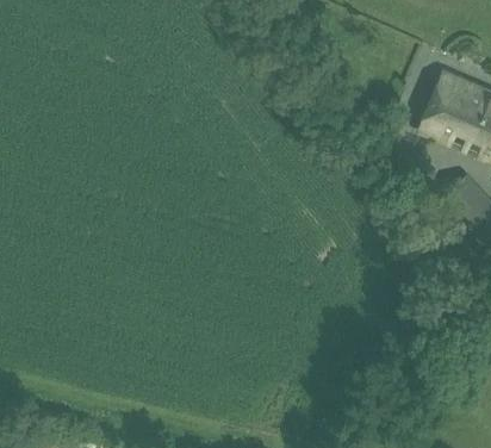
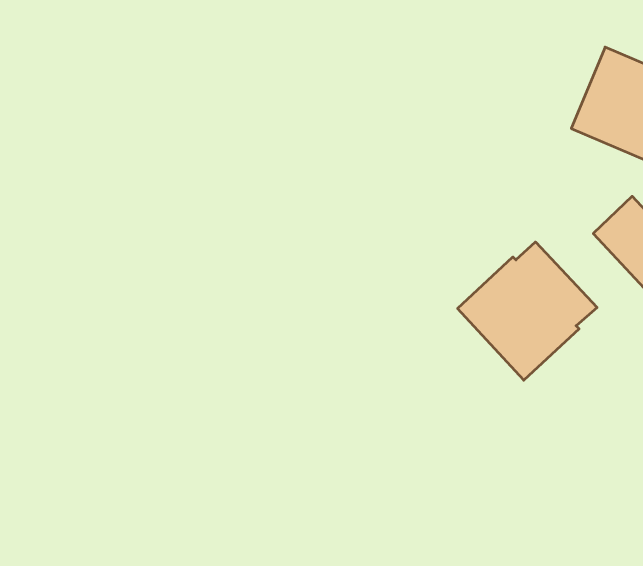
building: none -> [458,242,597,380]

